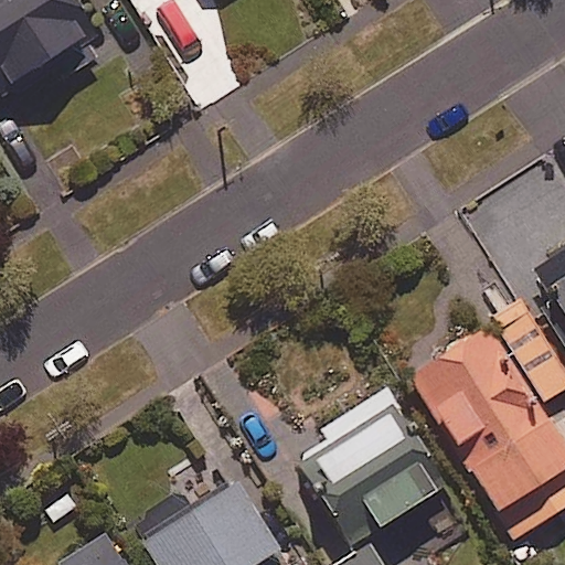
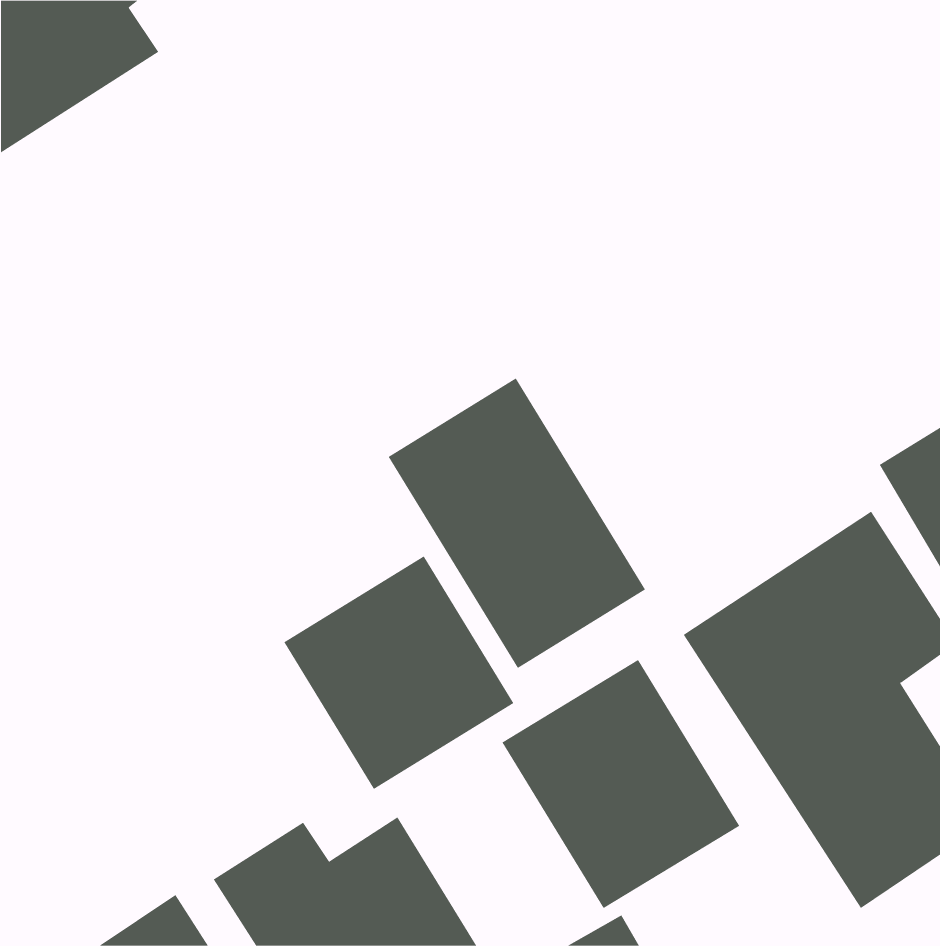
building: none -> [388,378,646,669]
building: none -> [283,556,514,790]

